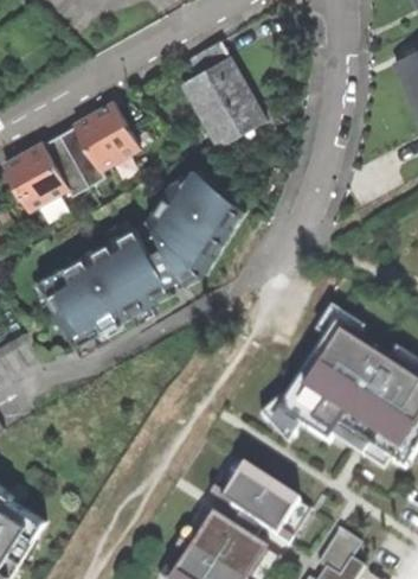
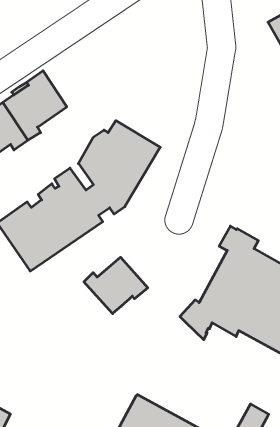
building: [180,39,264,147] -> none
building: none -> [84,257,148,314]
building: [208,459,310,546] -> none

